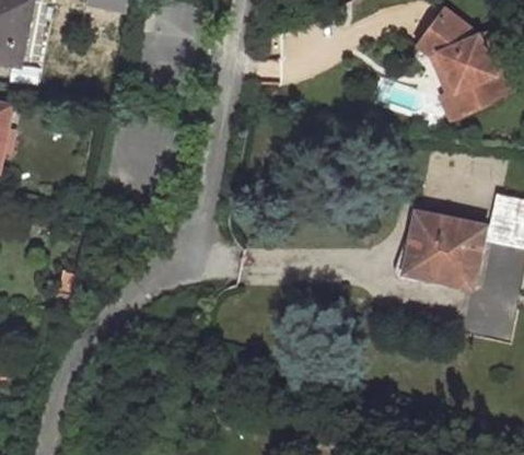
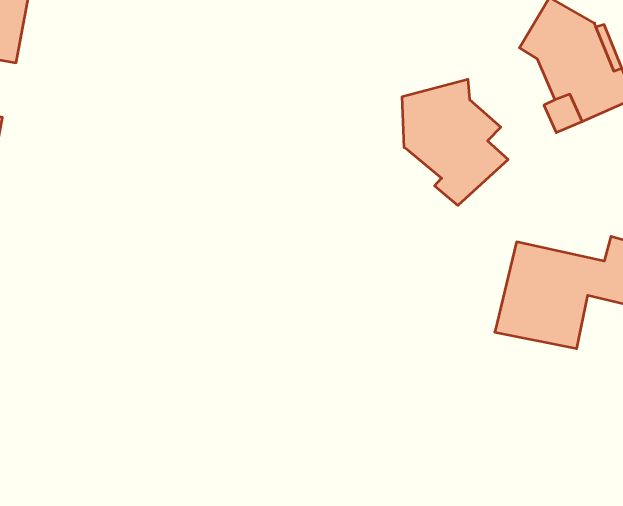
building: none -> [402,79,508,205]

